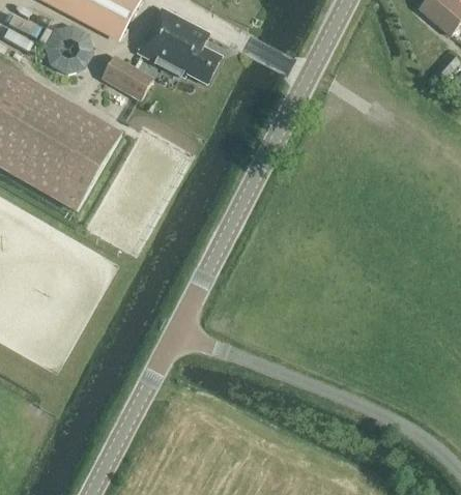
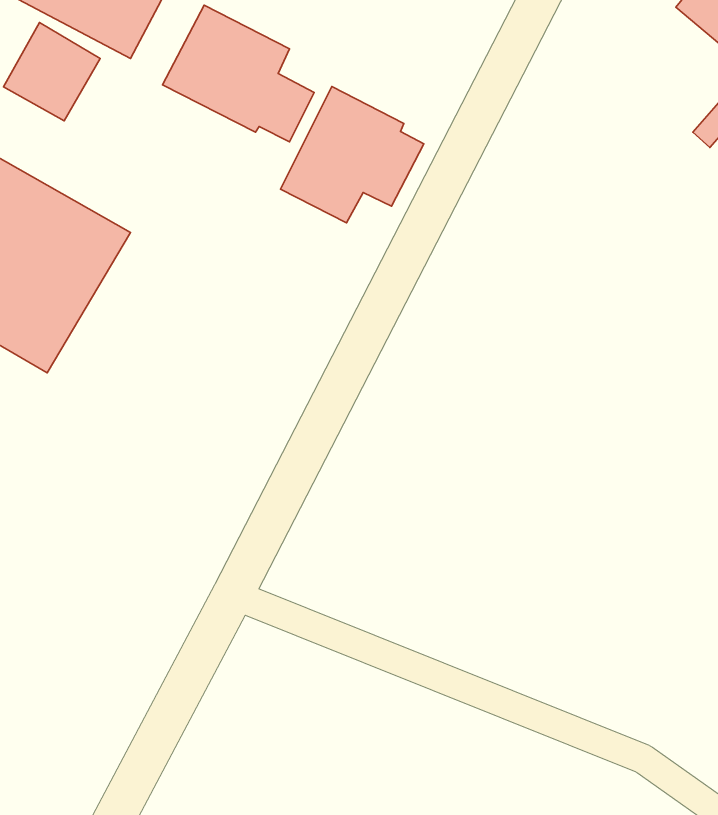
building: none -> [280,86,424,223]
building: [99,55,152,100] -> none

